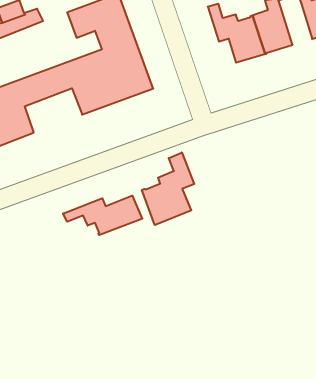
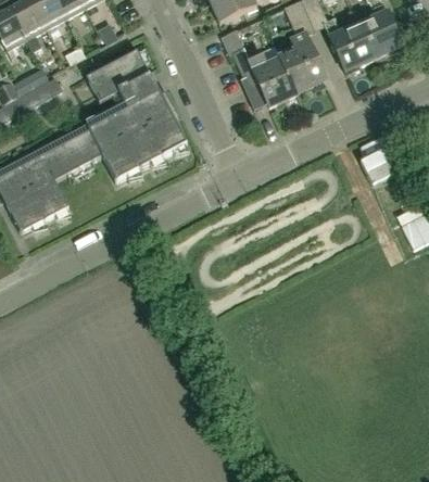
building: [142,152,194,225] -> none
building: [63,196,142,235] -> none

